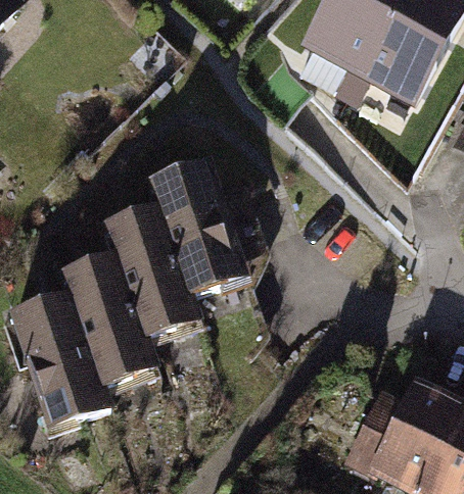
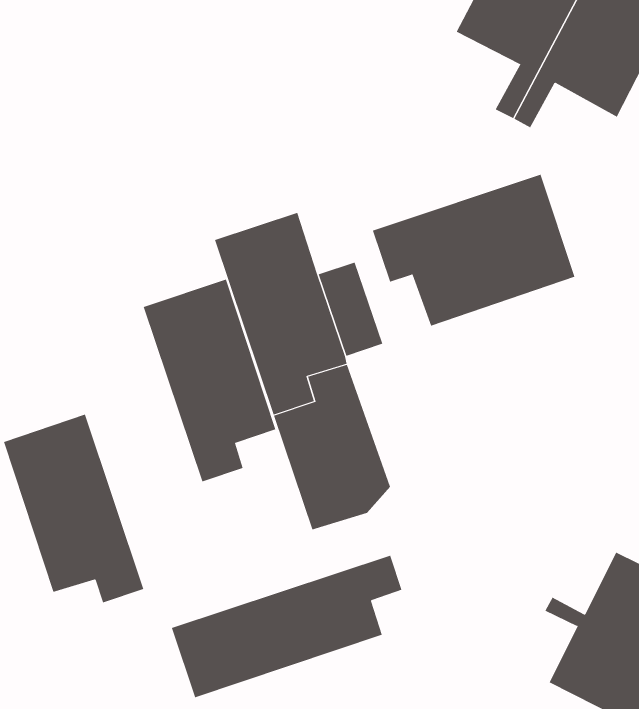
building: none -> [372,174,575,326]
building: [55,251,143,385] -> none
building: none -> [171,555,402,698]

